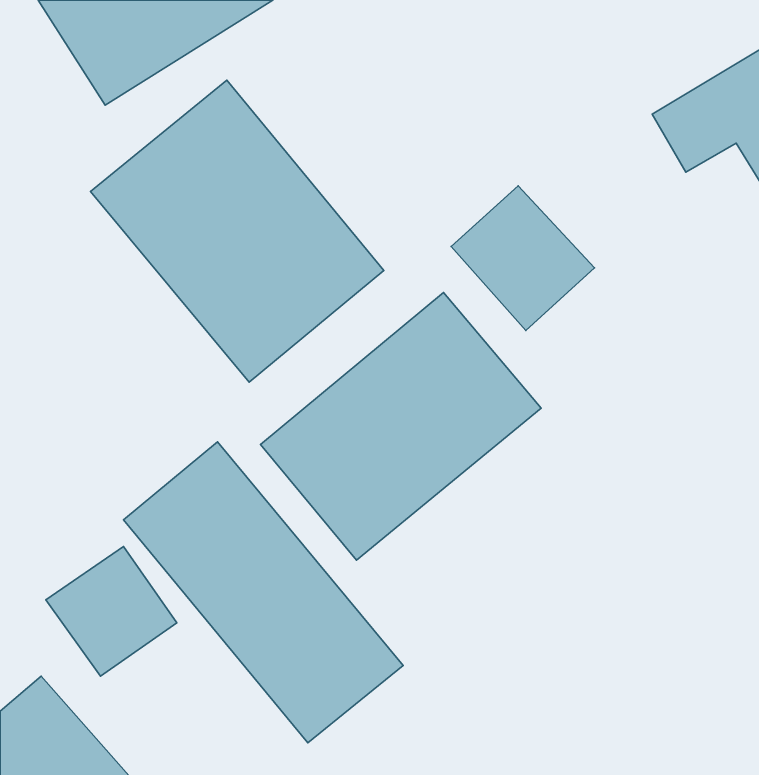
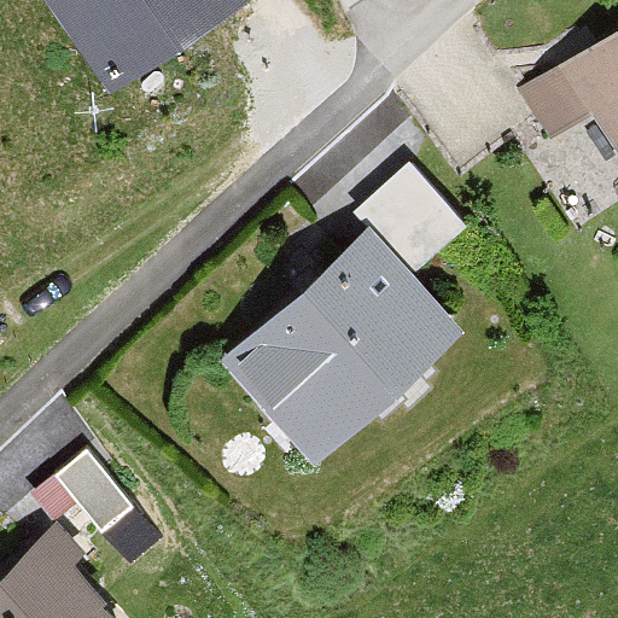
building: [90,80,384,382] -> none
building: [123,442,403,743] -> none

